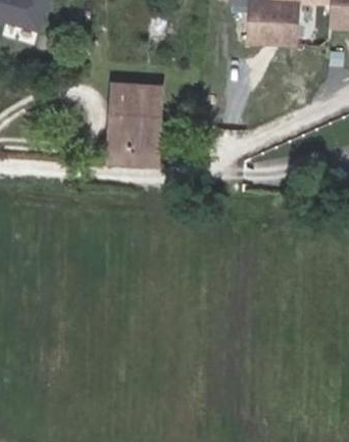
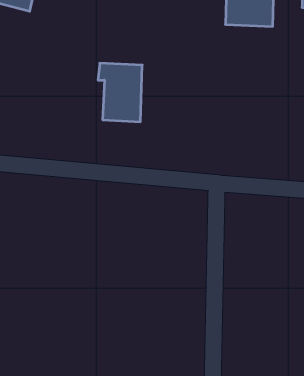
building: [109,101,157,163] -> none

